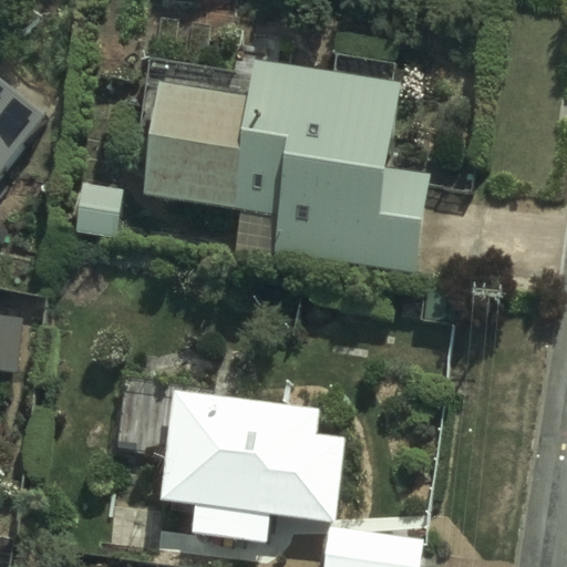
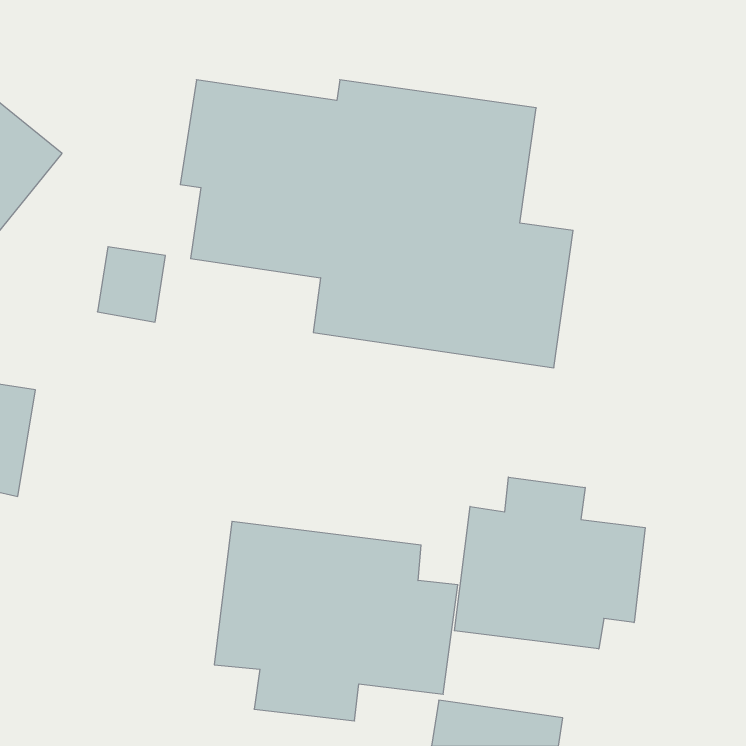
building: none -> [454,477,645,649]

